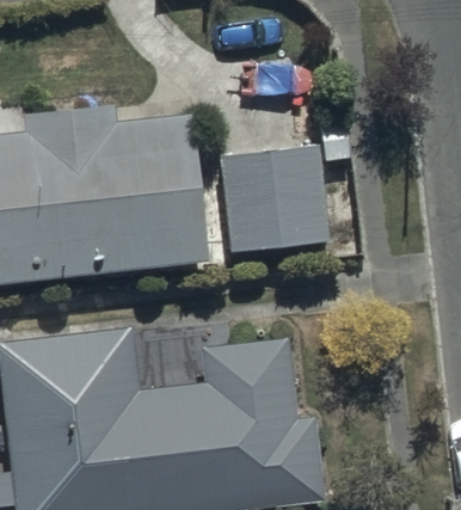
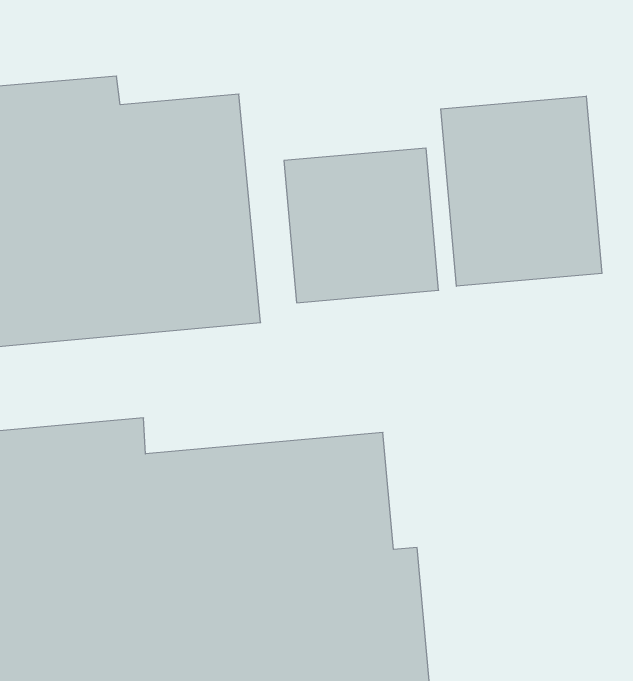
building: none -> [441,96,602,286]

